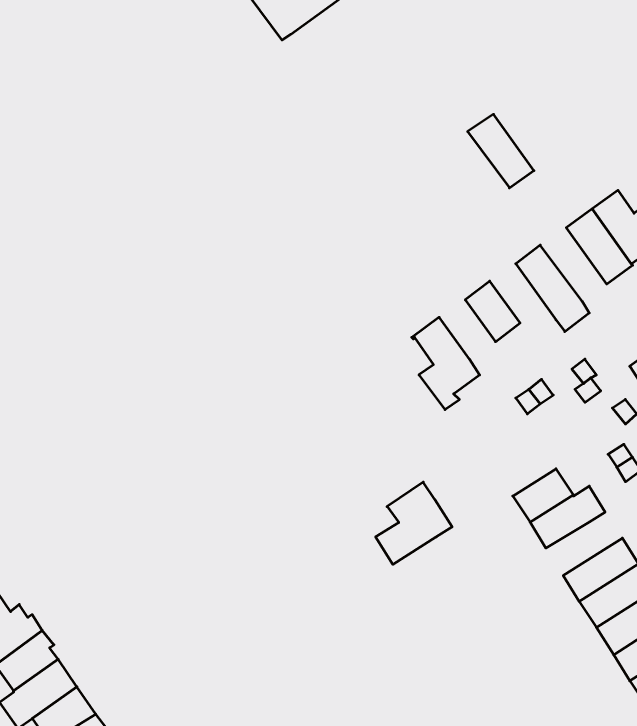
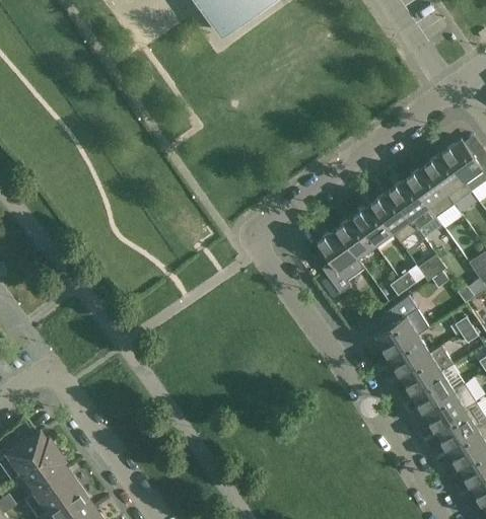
building: [468,114,534,188] -> [406,166,453,218]
building: none -> [370,192,417,243]
building: none -> [335,217,374,258]
building: [376,482,452,564] -> [374,297,428,355]
building: none -> [410,373,453,411]

